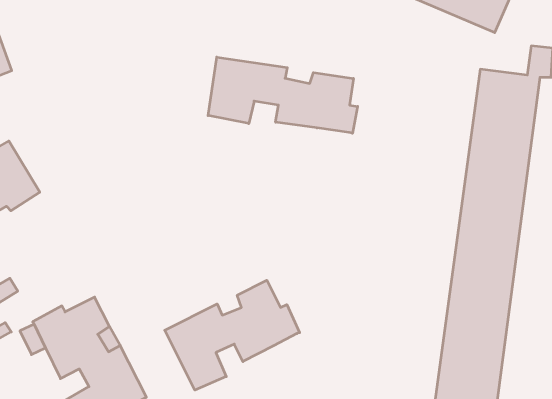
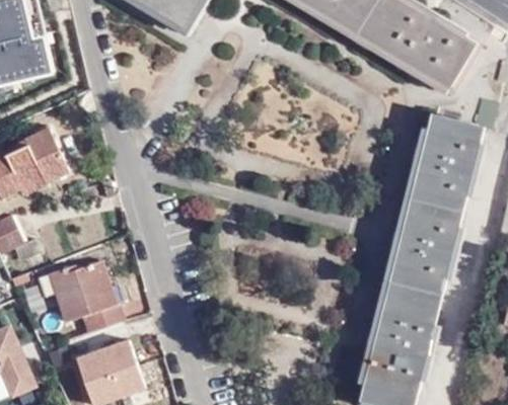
building: [208,57,358,133] -> none
building: [165,280,300,390] -> none

